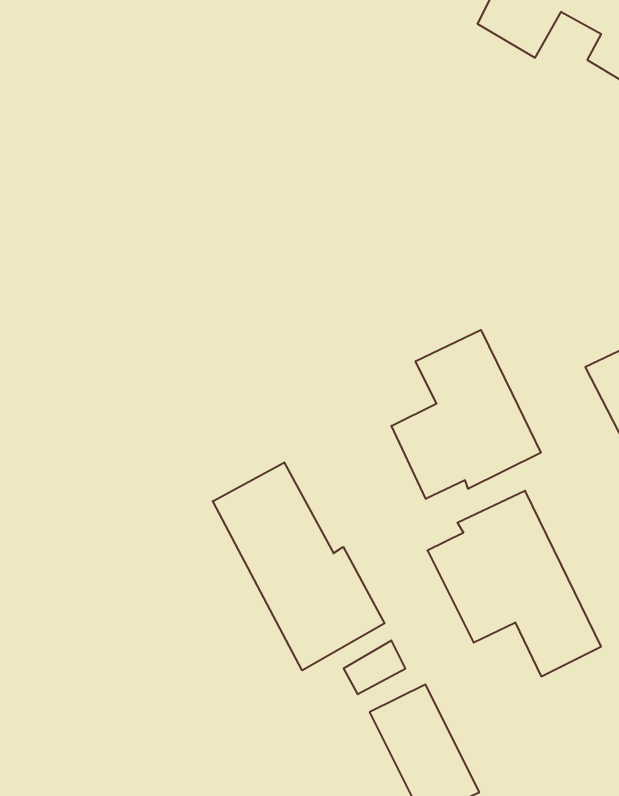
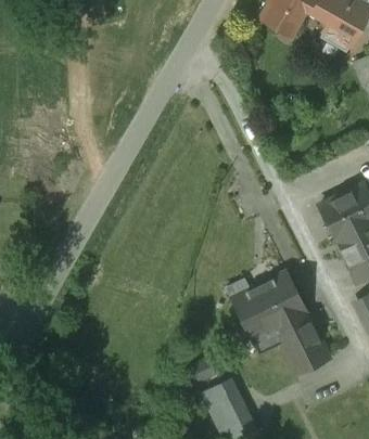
building: [391,330,541,499] -> none
building: [213,462,385,670] -> none

